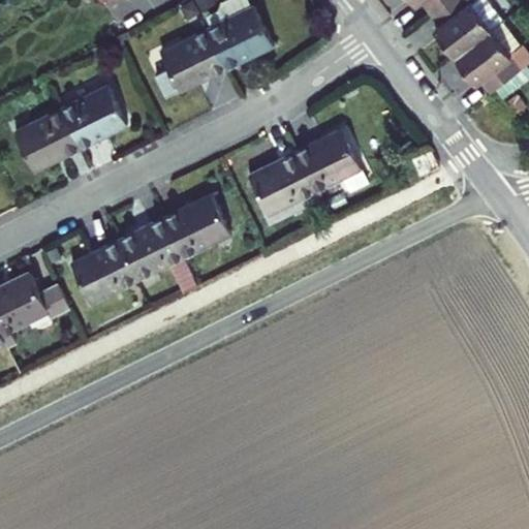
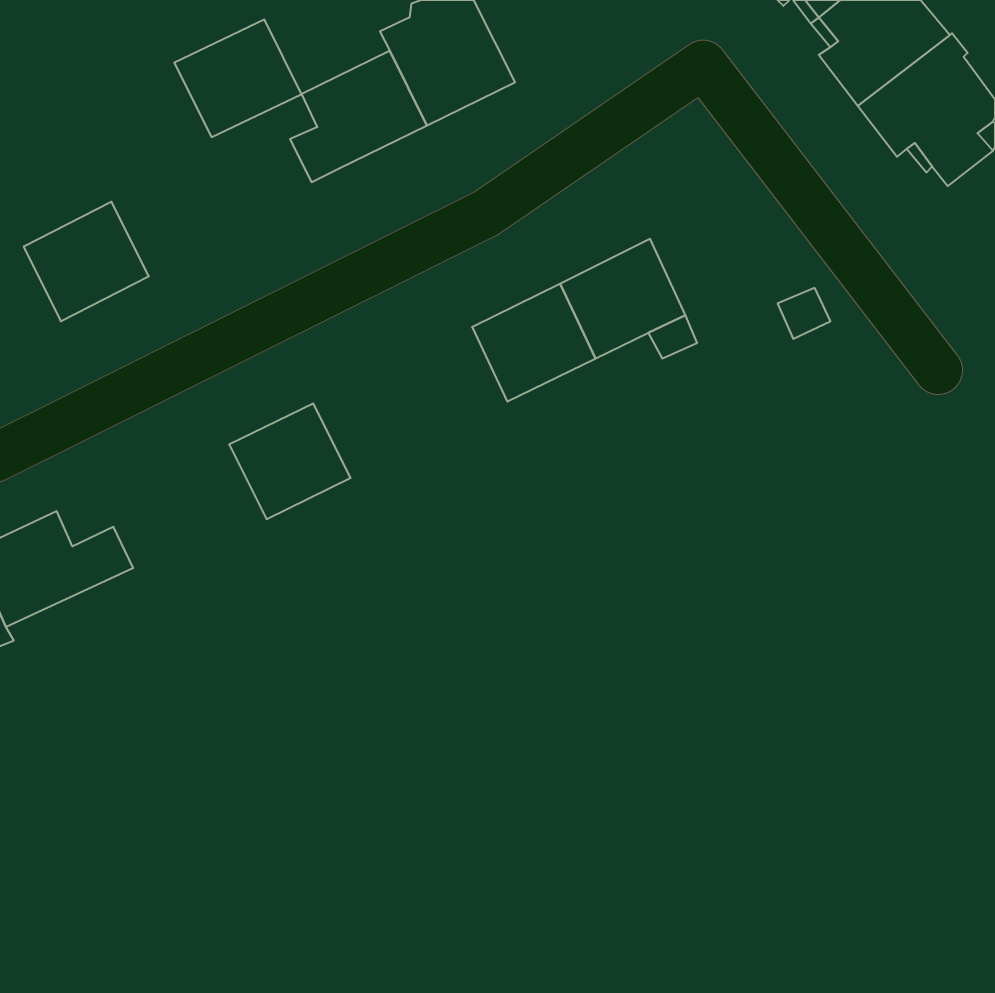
building: [59,88,126,150] -> [174,20,302,137]
building: [165,194,231,256] -> none
building: [74,239,141,302] -> none

